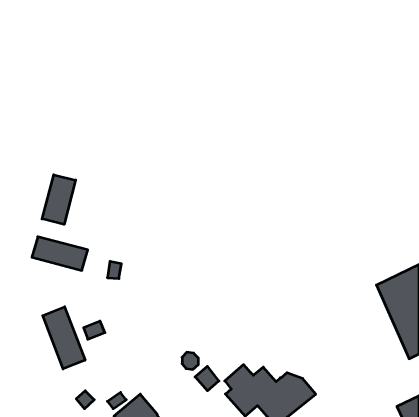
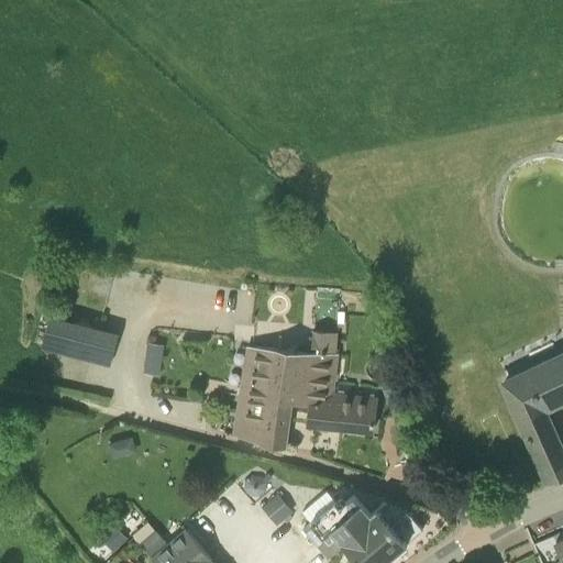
building: [42,175,76,224] -> none
building: none -> [233,330,377,449]
building: [43,307,85,369] -> none

